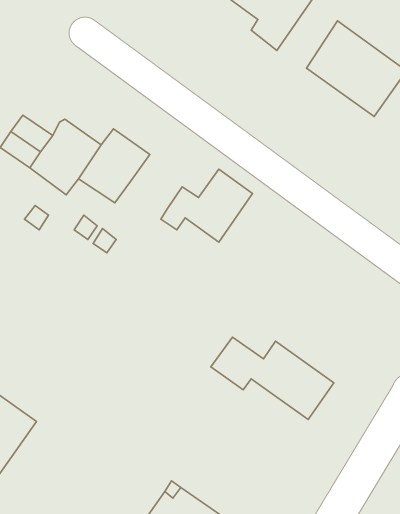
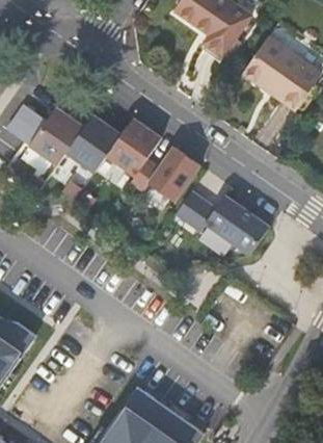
building: none -> [106,119,162,177]
building: [211,337,334,419] -> [176,192,270,256]

